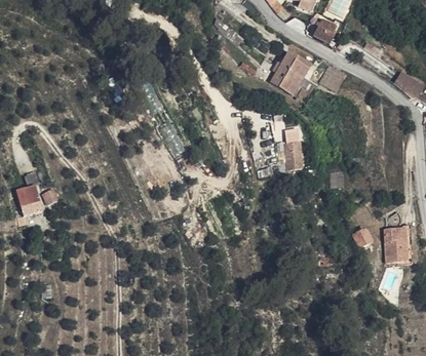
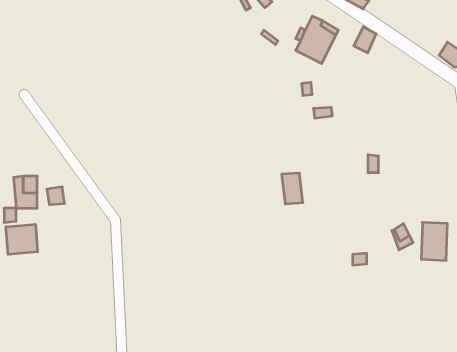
building: [287,141,306,167] -> [282,173,303,204]
building: none -> [6,224,38,254]

